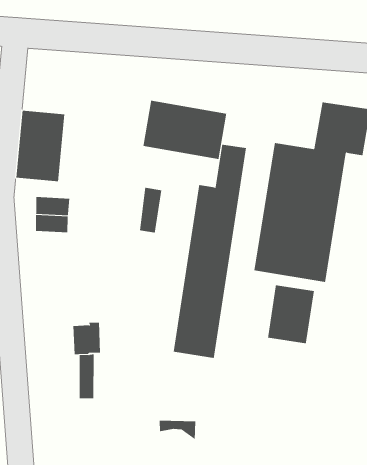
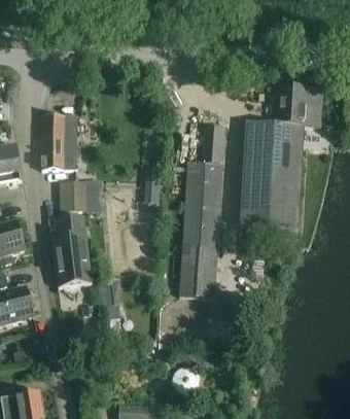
building: [143,100,227,160] -> none
building: none -> [51,216,91,287]
building: [267,284,314,344] -> none

